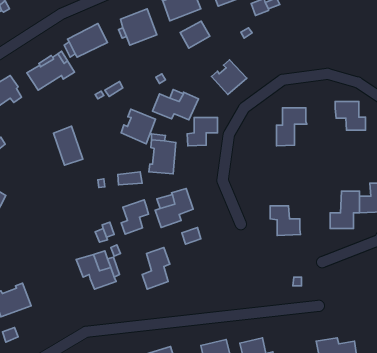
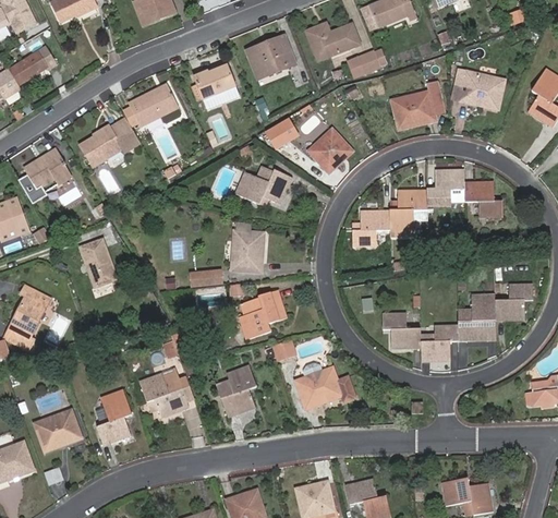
building: none -> [452,69,504,109]
building: none -> [391,80,441,129]
building: [180,21,210,48] -> [268,115,305,148]
building: none -> [427,169,464,206]
building: [121,109,155,144] -> none
building: [187,117,217,146] -> [352,210,390,246]
building: [53,126,83,165] -> [80,238,117,287]
building: [121,200,148,234] -> none
building: none -> [420,325,458,361]
building: none -> [294,361,353,408]
building: none -> [97,388,131,445]

